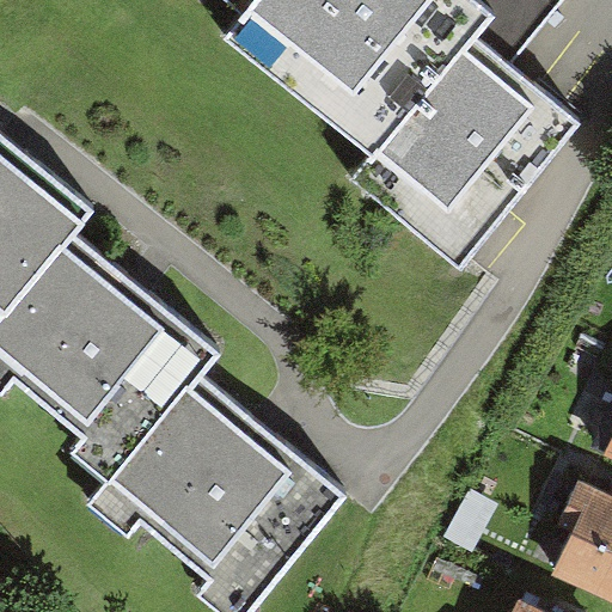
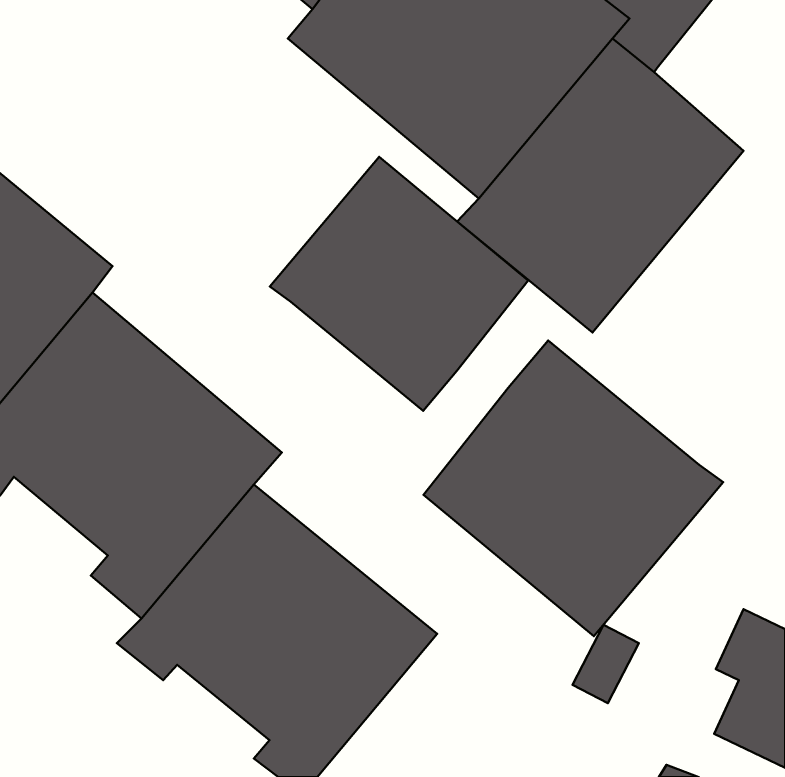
building: none -> [270,157,528,411]
building: none -> [423,341,723,636]

